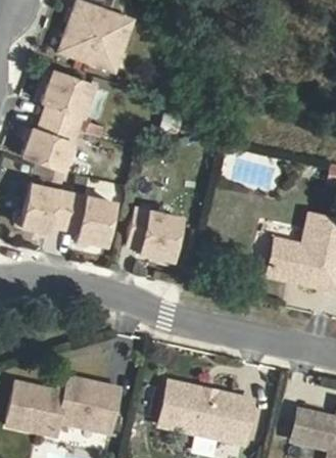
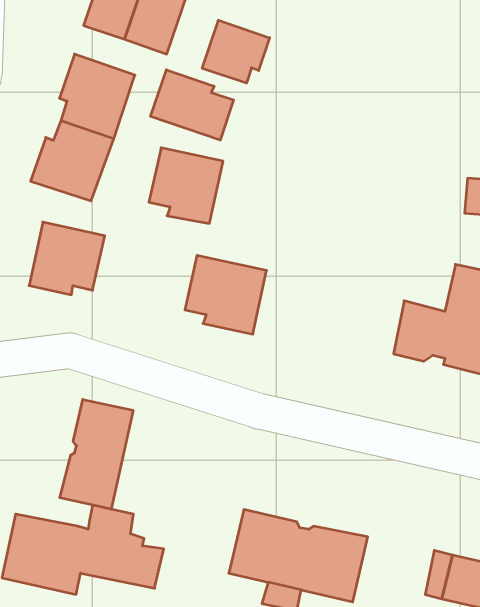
building: none -> [202,20,270,83]
building: none -> [151,70,234,140]
building: [66,194,116,245] -> [149,148,223,223]
building: none -> [60,399,133,509]

